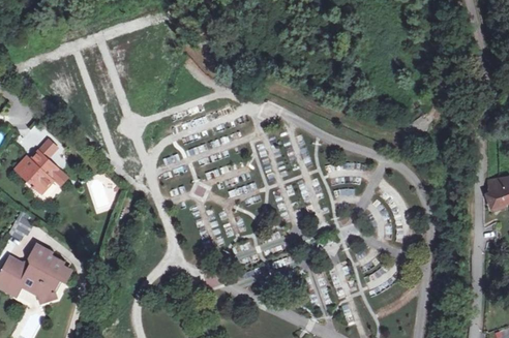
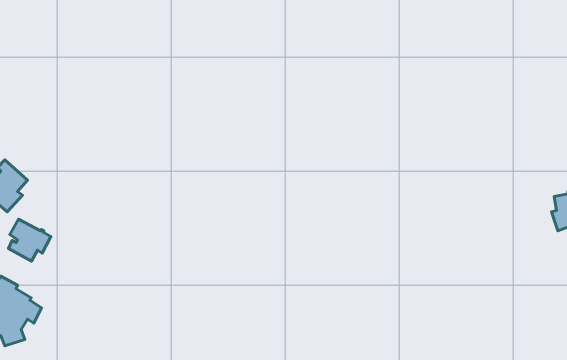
building: none -> [8,219,51,261]

